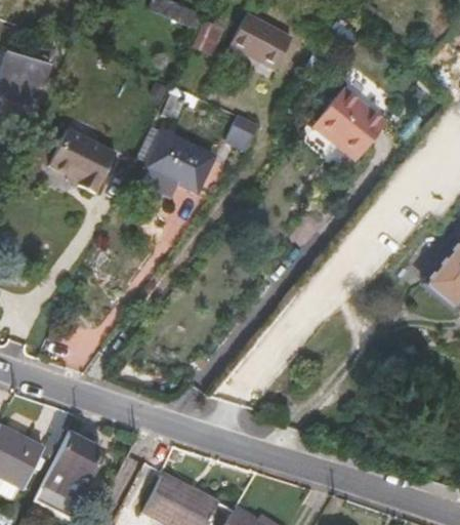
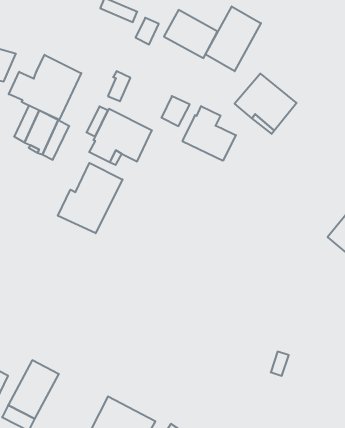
building: none -> [205,6,261,71]
building: none -> [9,55,81,120]
building: none -> [183,106,236,161]
building: none -> [58,163,123,233]

